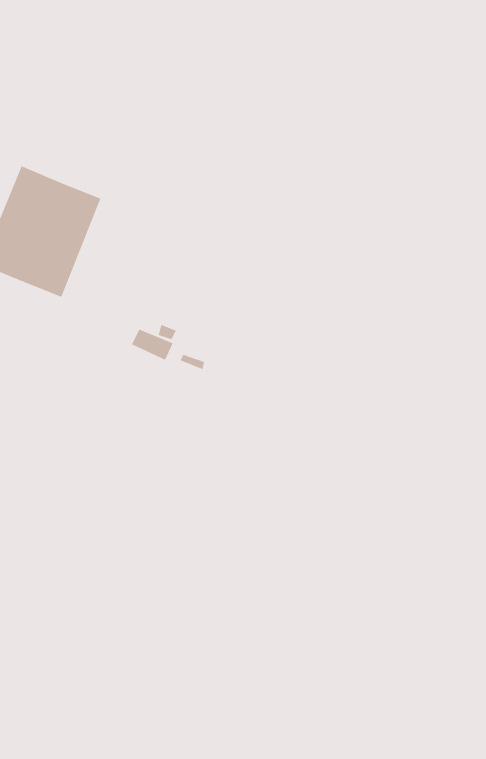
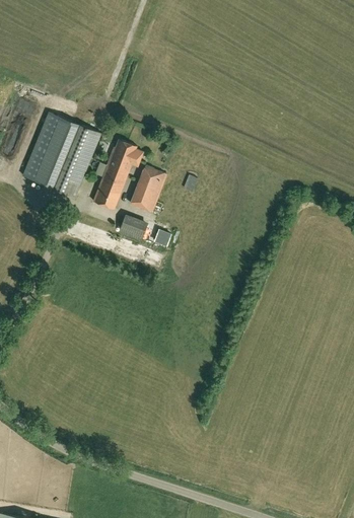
building: none -> [92,140,143,210]
building: none -> [130,166,166,212]

